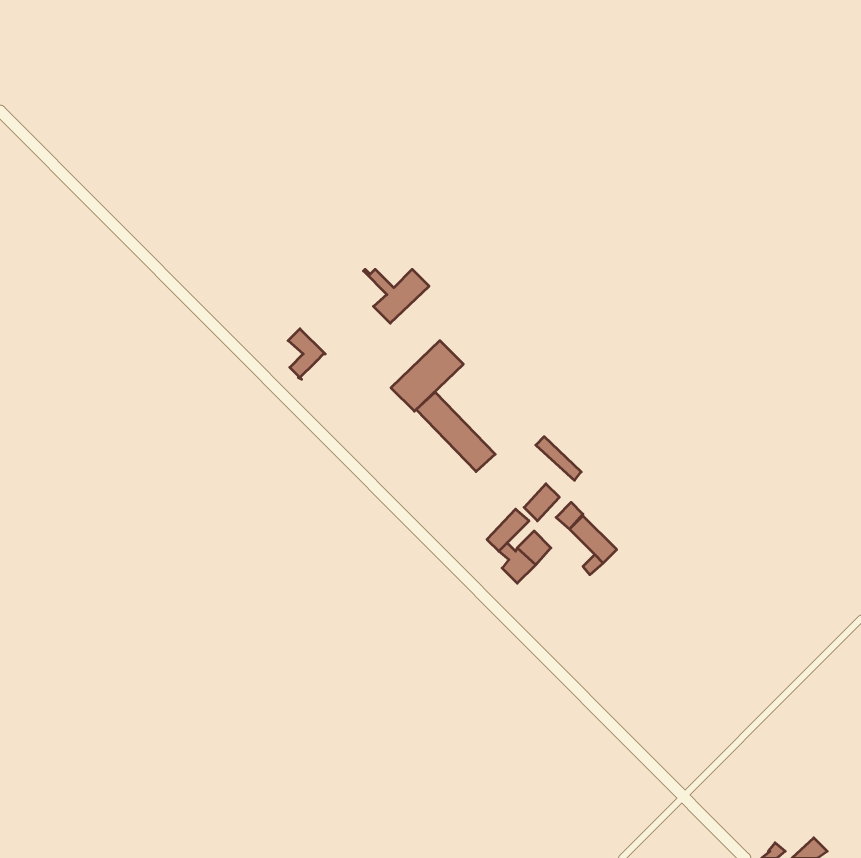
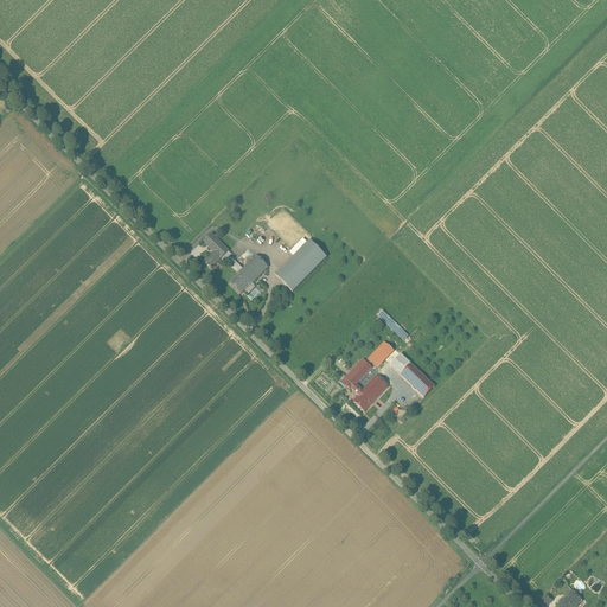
building: [363,269,429,323] -> [222,254,268,292]
building: [416,392,495,472] -> none

